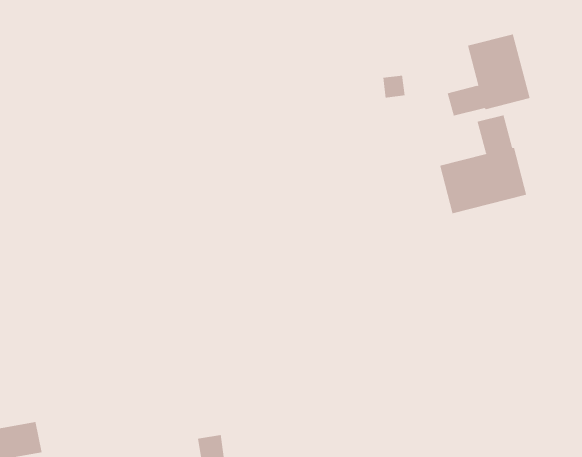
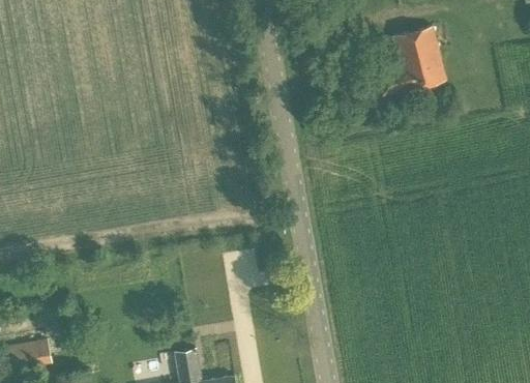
building: [439,115,527,214] -> none

